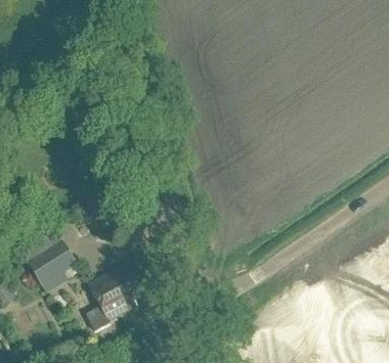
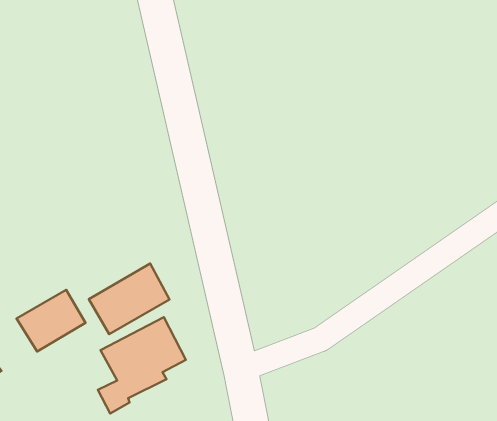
building: none -> [89,263,170,334]

